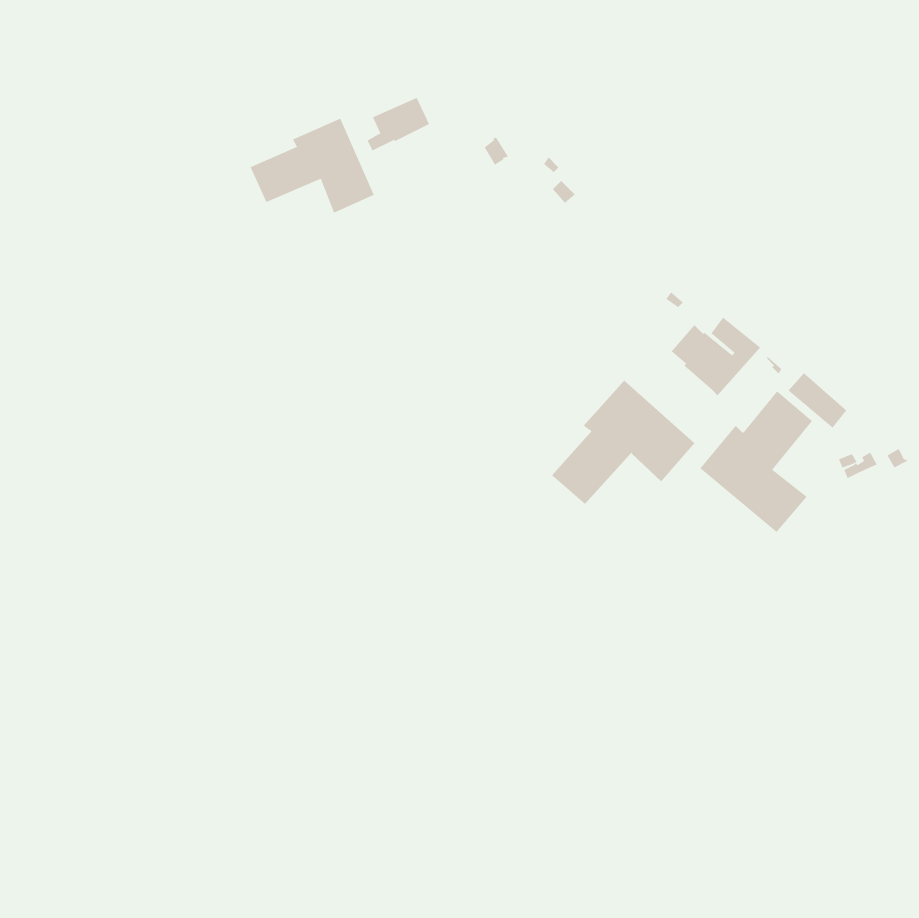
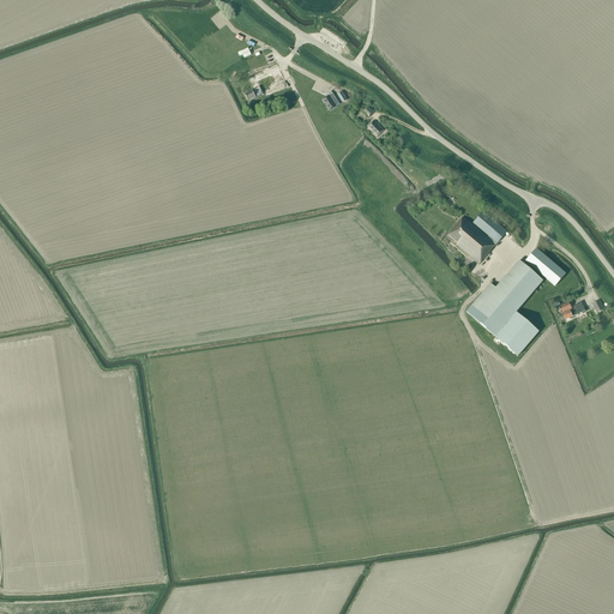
building: [250,118,375,214] -> none
building: [551,380,695,505] -> none

